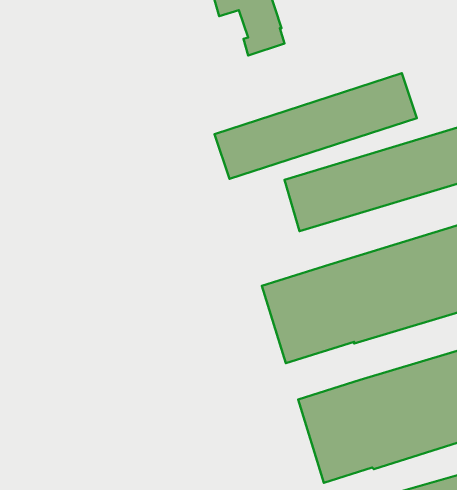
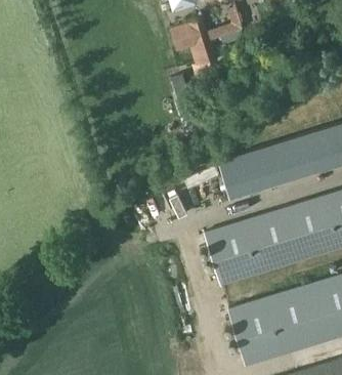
building: [214,73,417,179] -> none

